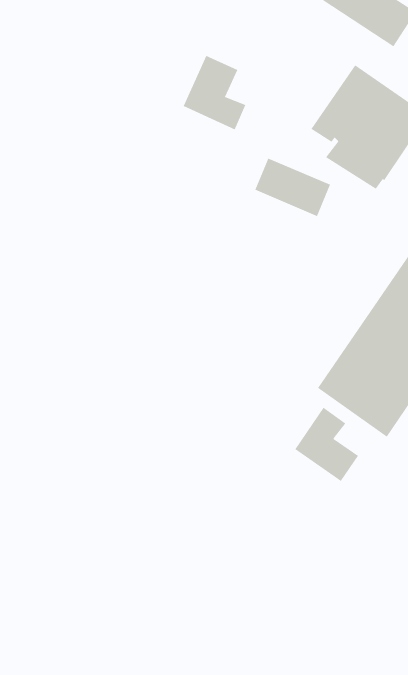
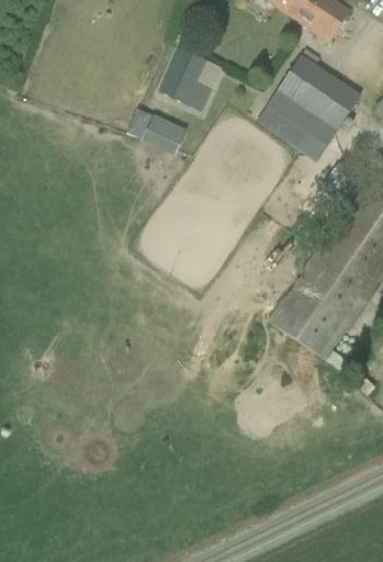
building: [254,158,331,217] -> [129,106,192,155]
building: [294,407,359,482] -> none

